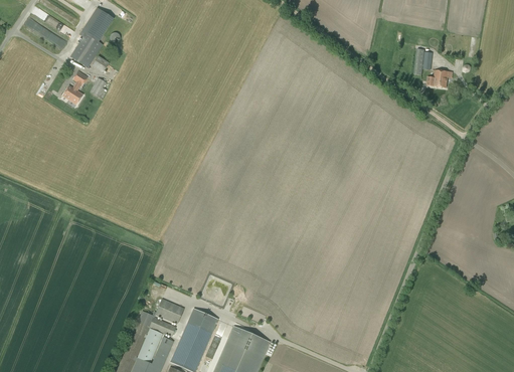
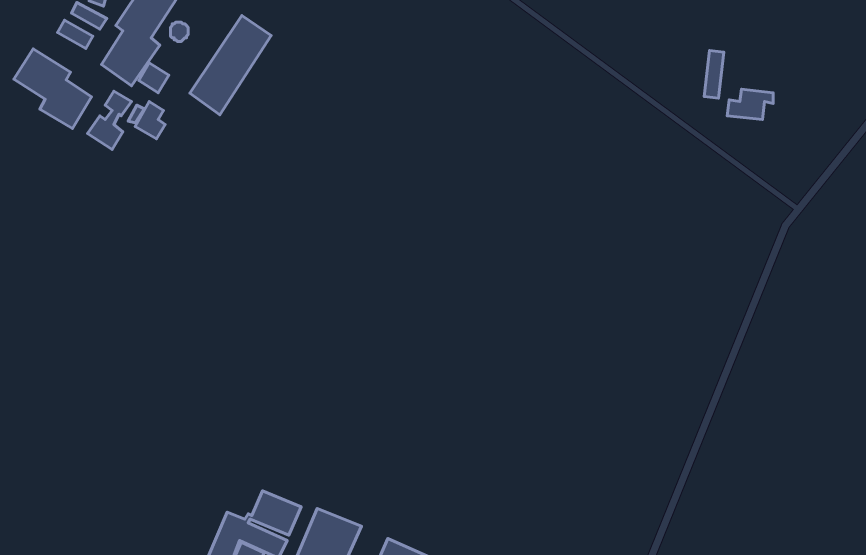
building: none -> [190,15,271,115]
building: none -> [14,49,91,129]

